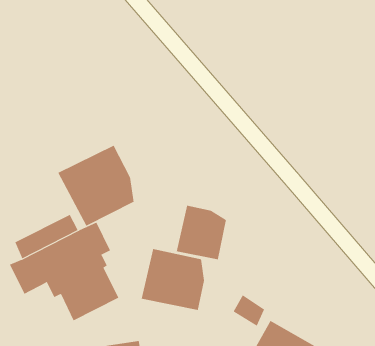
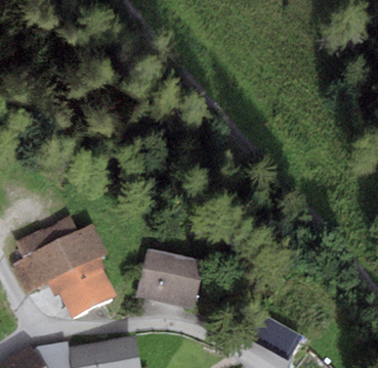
building: [58,145,134,227] -> none
building: [176,205,227,260] -> none

